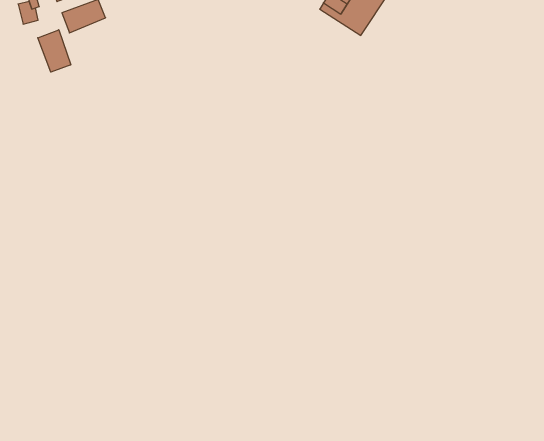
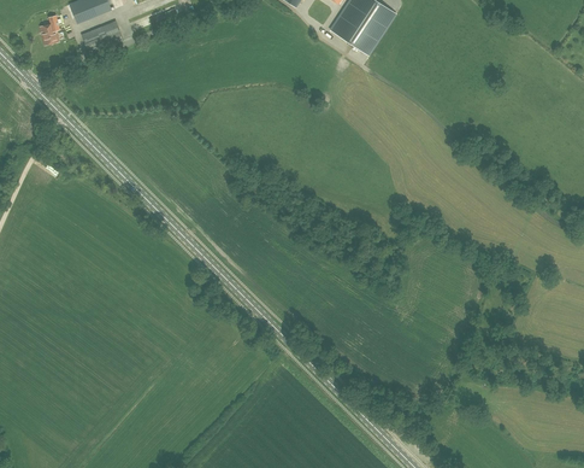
building: [38,30,71,72] -> none

